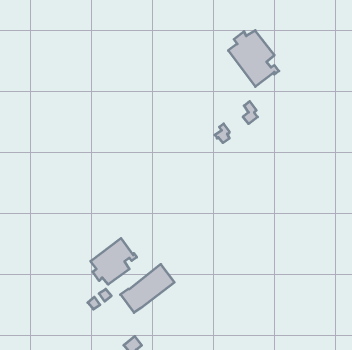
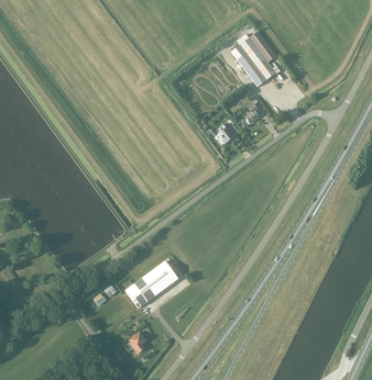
building: [91,238,137,284] -> none

